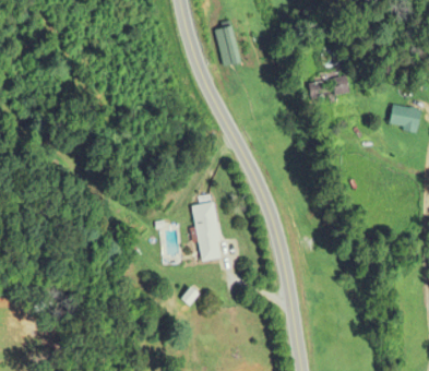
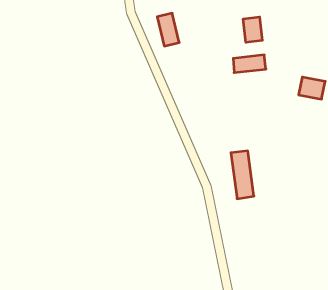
building: none -> [243,17,262,42]
building: [193,202,222,261] -> [231,151,254,199]

